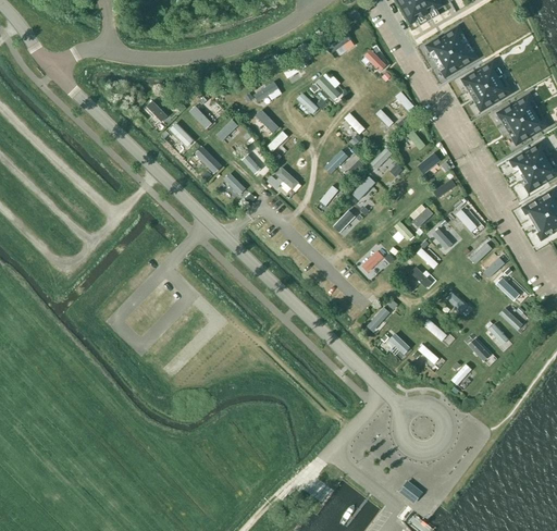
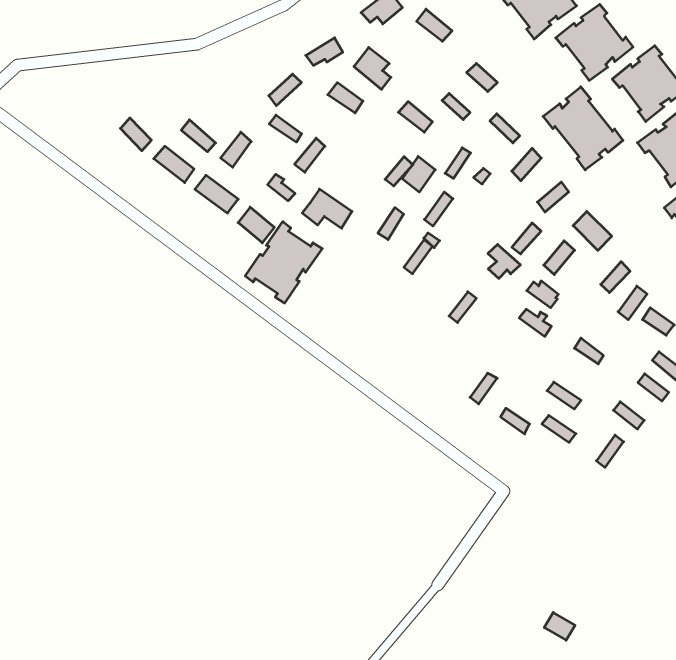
building: none -> [543,87,623,170]
building: none -> [245,222,322,303]

